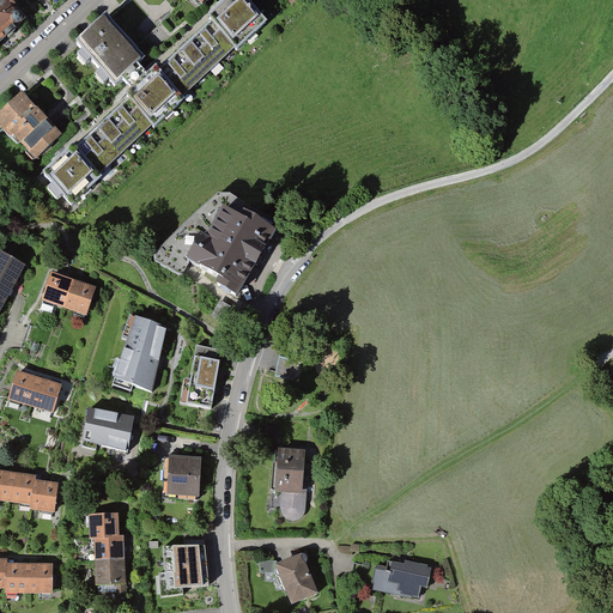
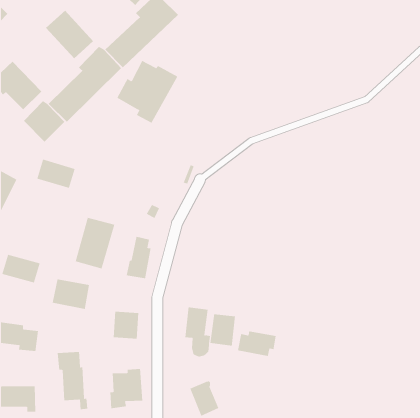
building: [187,200,277,292] -> [116,60,178,123]
building: [37,272,93,315] -> [37,159,75,189]
building: none -> [210,314,236,347]
building: [369,560,426,597] -> [237,331,277,356]

